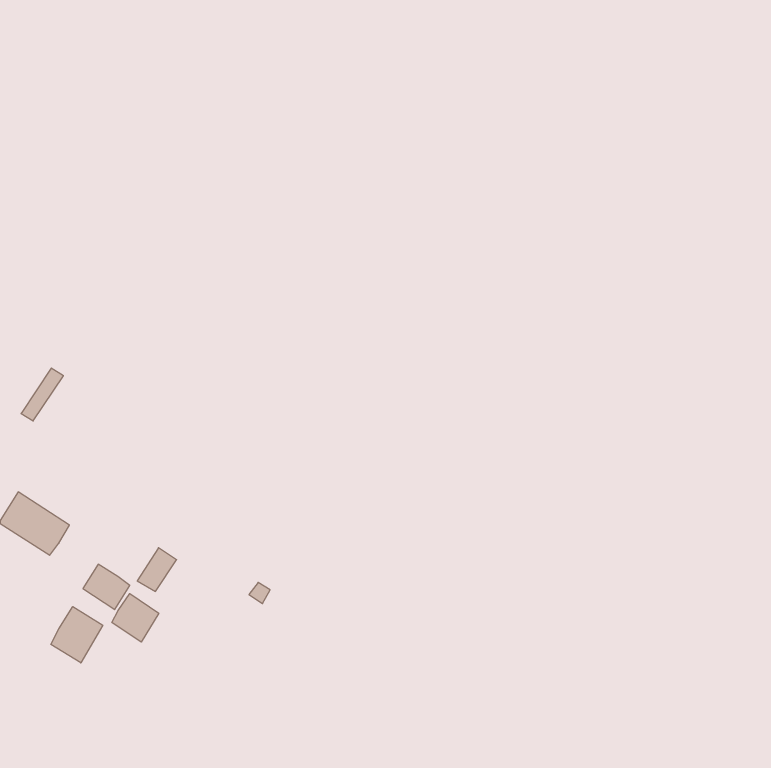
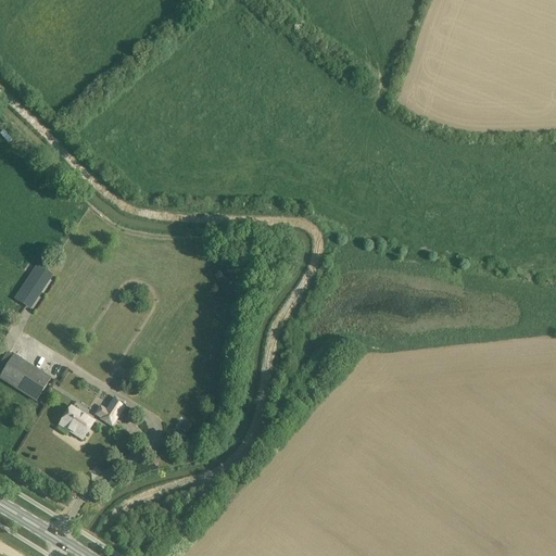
building: [112,594,159,642] -> none
building: [51,607,103,663] -> none

